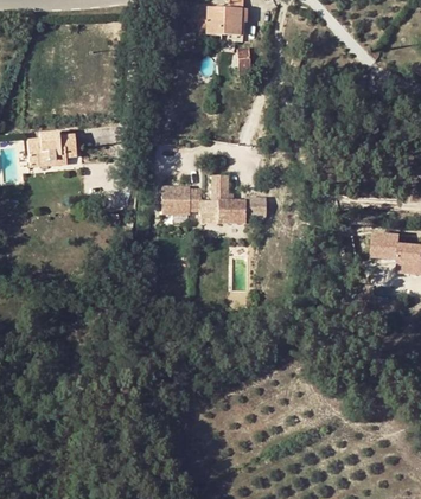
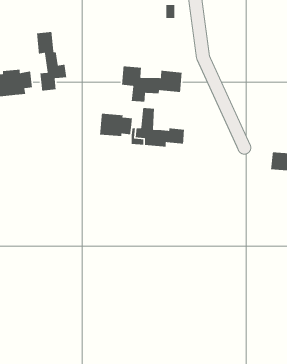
building: none -> [36,31,67,92]
building: none -> [121,65,182,102]

